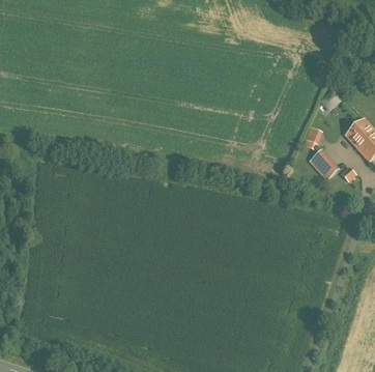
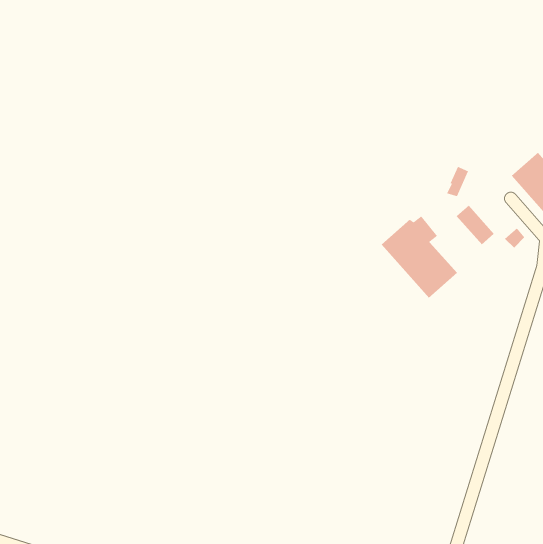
building: none -> [381,216,458,299]

